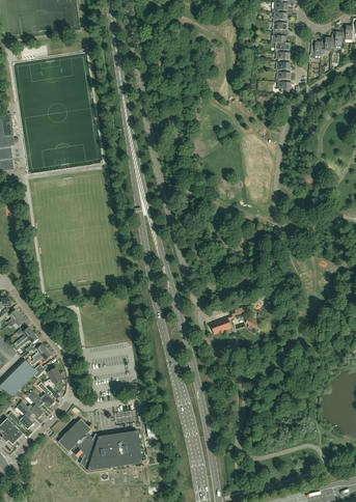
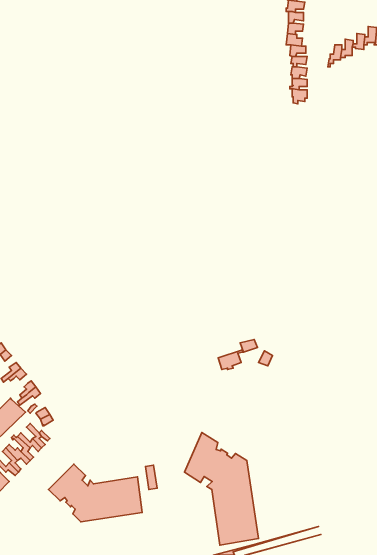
building: none -> [184,433,259,545]

